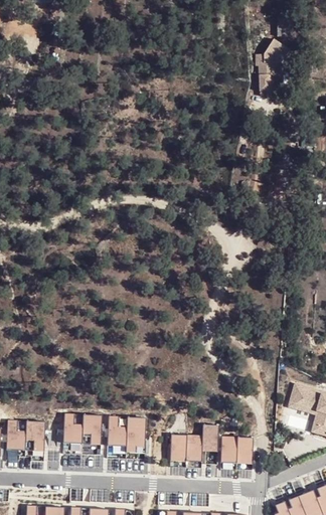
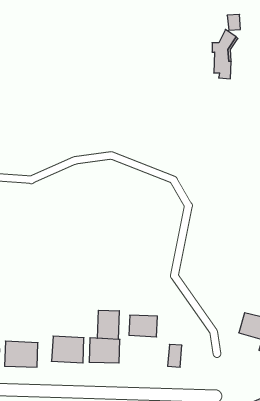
building: none -> [98,310,119,339]
building: [168,435,202,461] -> [129,315,157,337]
building: [221,437,253,464] -> none

